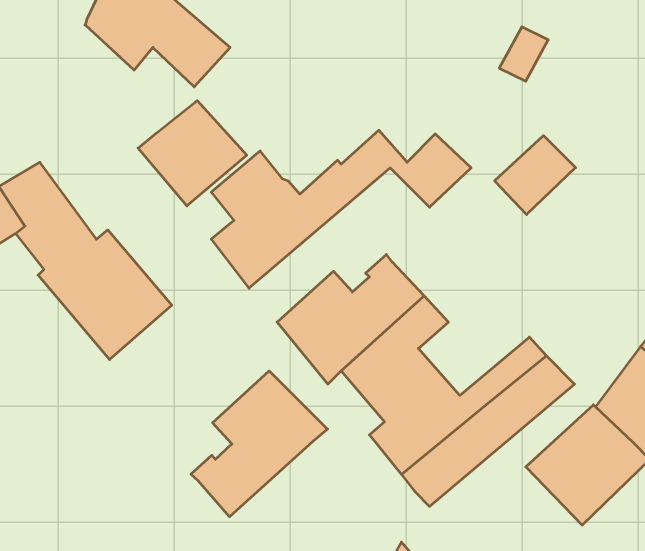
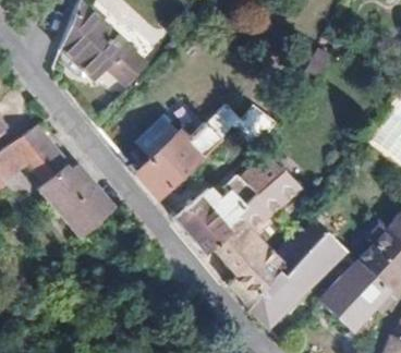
building: [138,101,247,206] -> none
building: [495,136,576,215] -> [241,156,288,202]
building: [191,371,328,517] -> none

